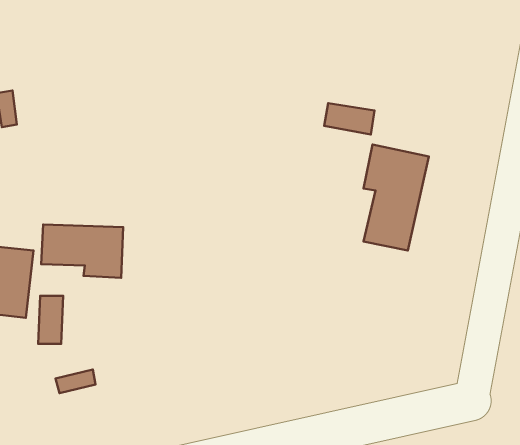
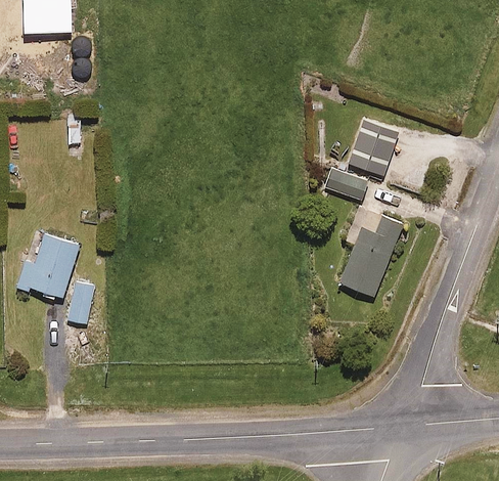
building: none -> [349,121,399,175]
building: [41,225,123,278] -> none

